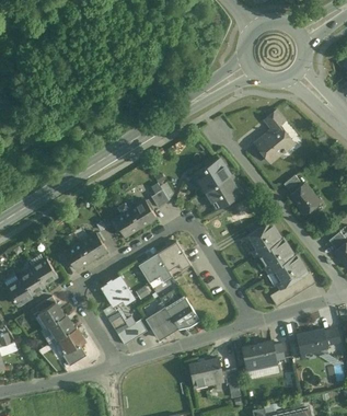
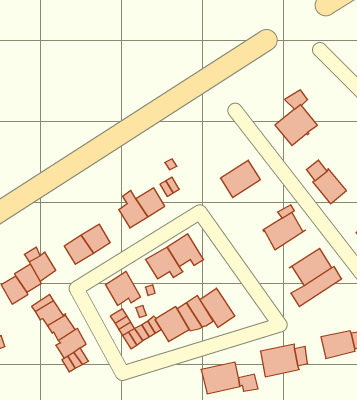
building: [193,159,230,195] -> none
building: [255,239,296,273] -> none
building: none -> [200,288,235,328]

